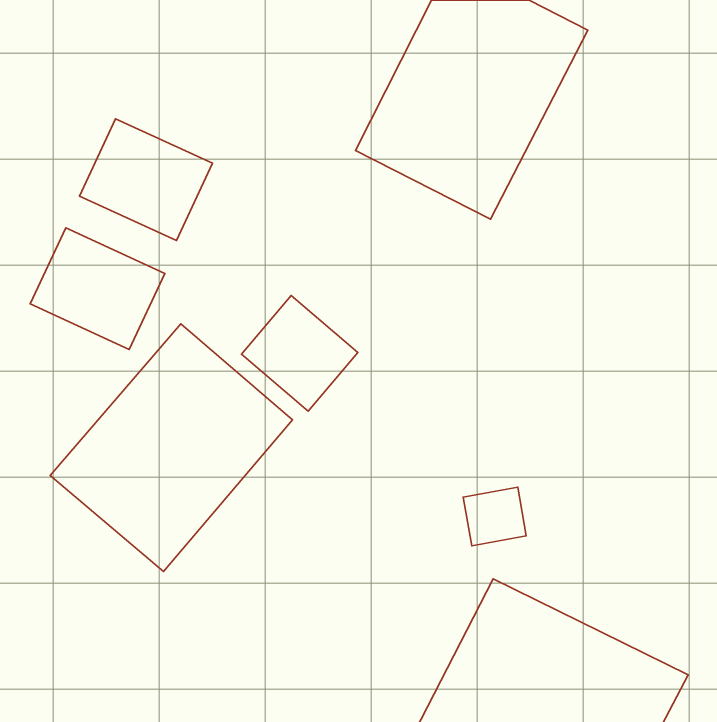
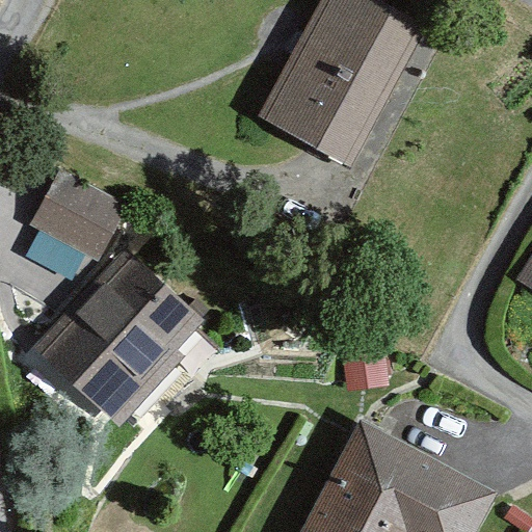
building: [80,119,212,240] -> none
building: [242,296,358,411] -> none

